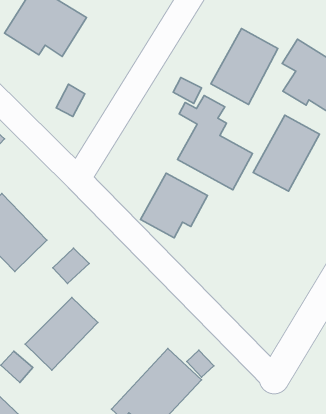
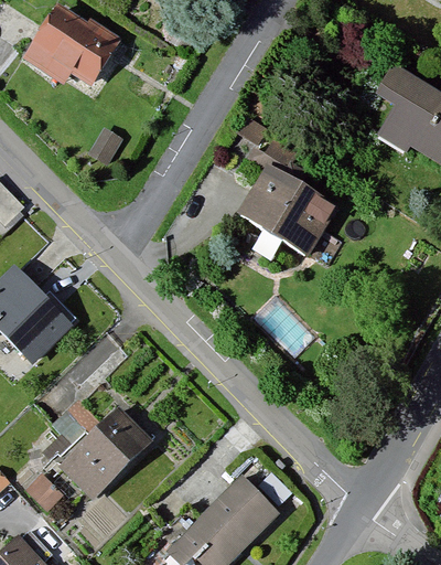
building: [211,29,278,105] -> none
building: [253,115,319,191] -> none
building: [141,173,208,238] -> none

